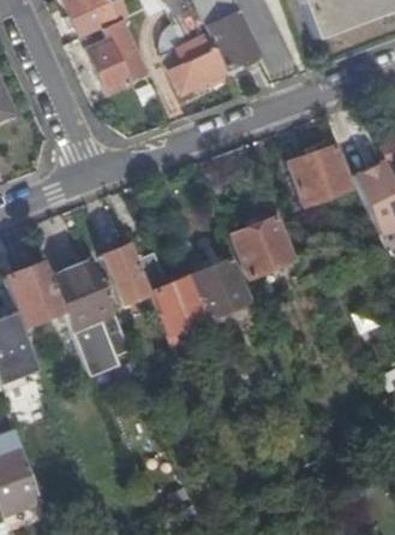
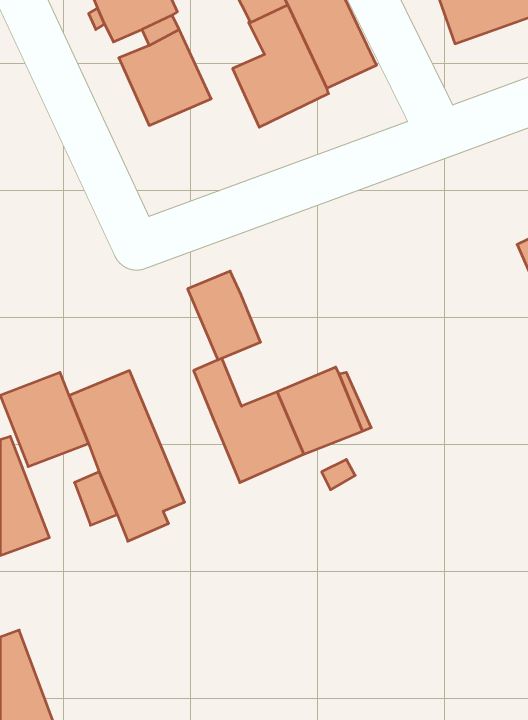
building: [288,144,353,206] -> none
building: [231,216,295,278] -> none
building: [100,245,149,305] -> [188,271,261,360]

